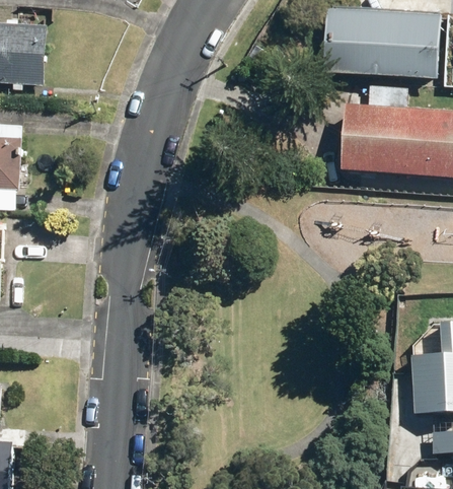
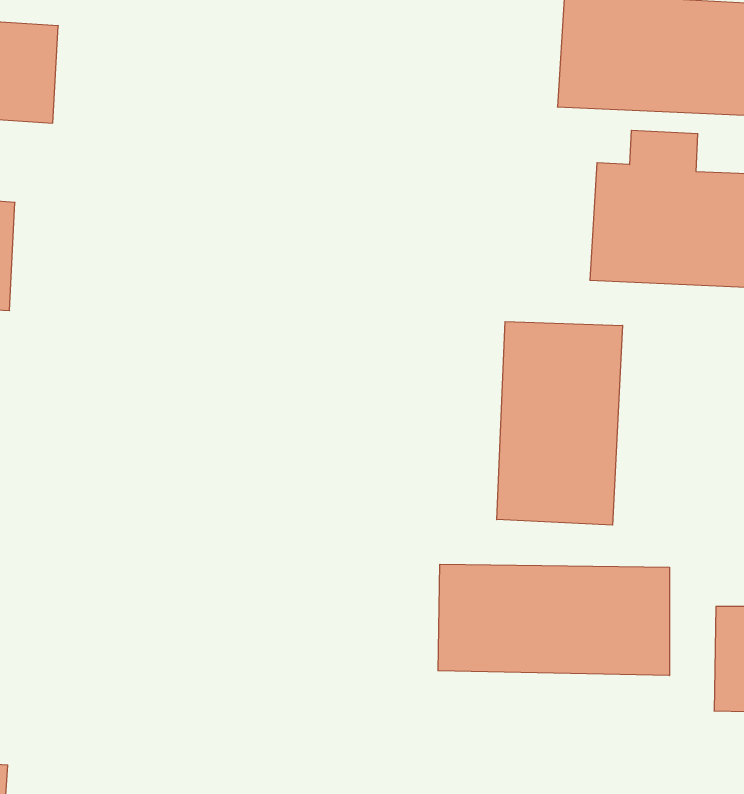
building: none -> [497,322,623,525]
building: none -> [438,564,669,676]

